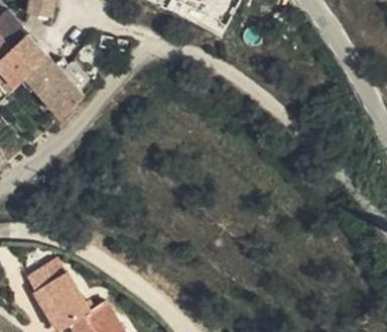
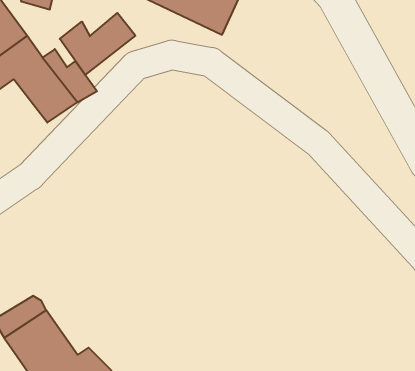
building: none -> [60,13,135,75]

